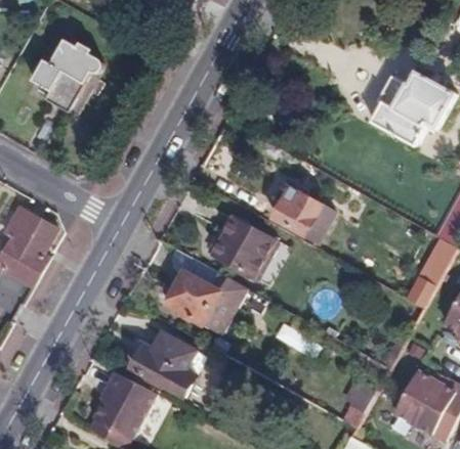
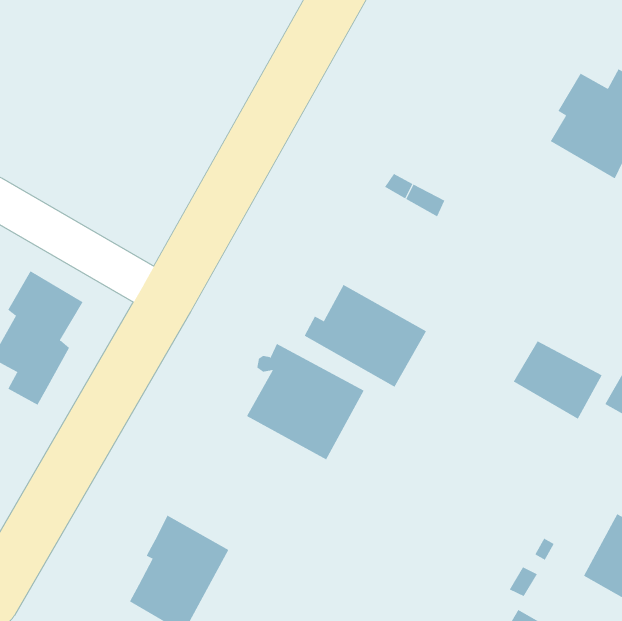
building: [31,40,101,116] -> none
building: [276,188,336,241] -> [513,340,602,419]
building: [134,333,197,394] -> none

